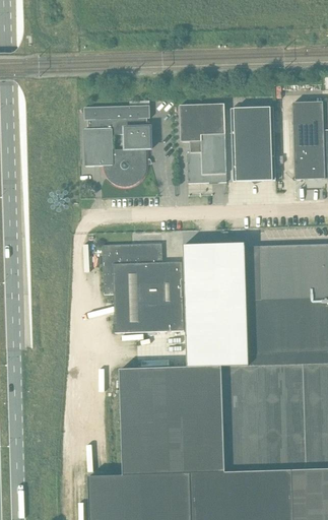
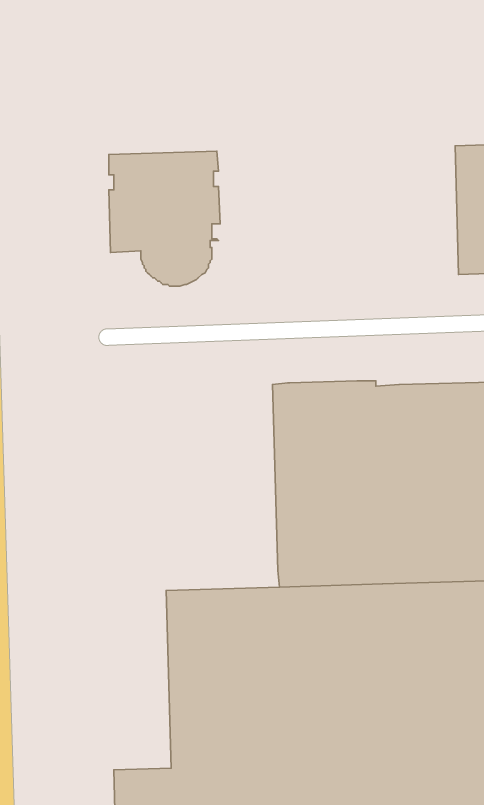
building: [180,104,226,183] -> none
building: [231,108,275,182] -> none
building: [103,243,184,333] -> none

